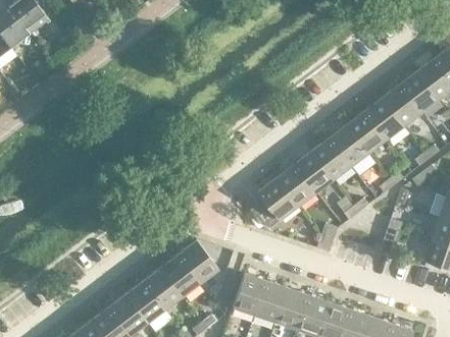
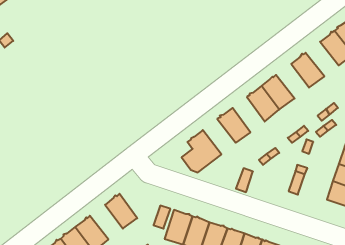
building: [401,71,441,113] -> none
building: [365,98,405,139] -> none
building: [313,137,352,180] -> none
building: [278,164,317,207] -> none
building: [178,239,217,283] -> none
building: [142,267,182,308] -> none

